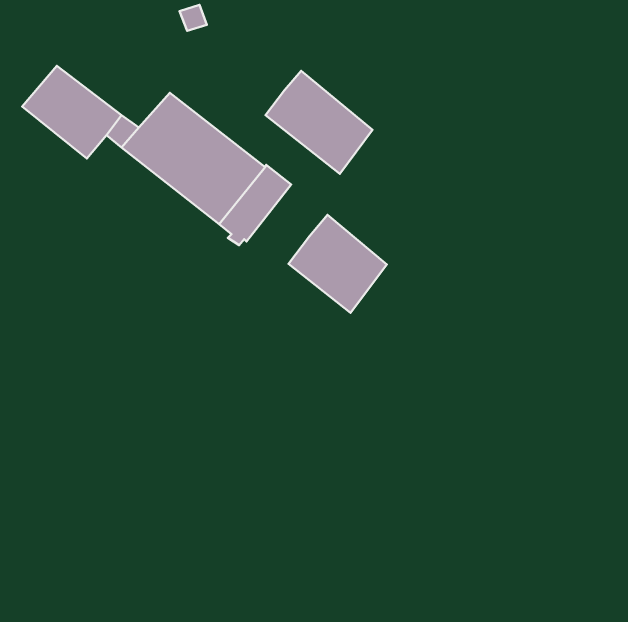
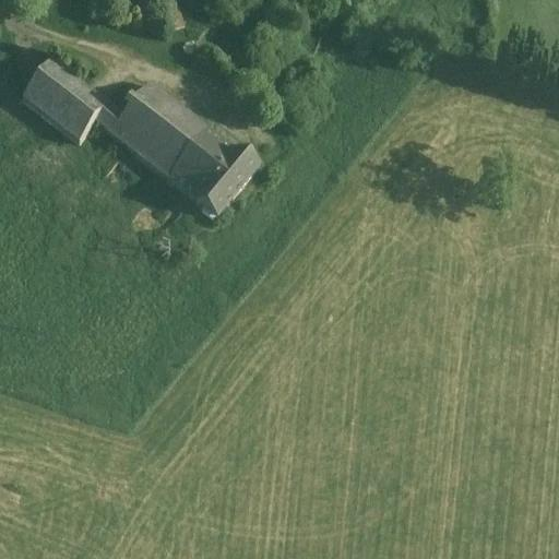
building: [266,71,373,174] -> none
building: [288,215,387,313] -> none

